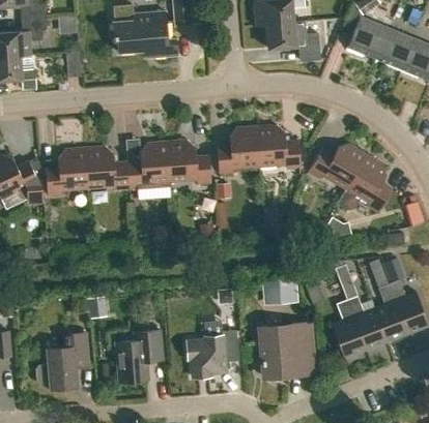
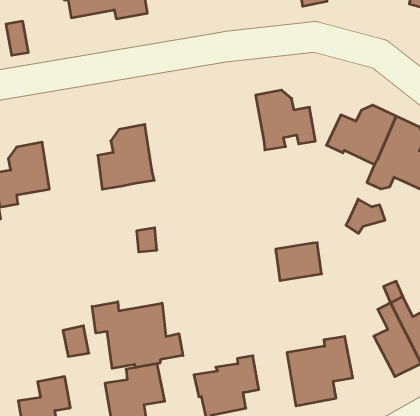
building: [218,127,260,174] -> none
building: [168,141,211,184] -> none
building: [86,147,130,190] -> none
building: [267,278,302,305] -> [276,243,322,281]
building: none -> [92,302,183,368]

